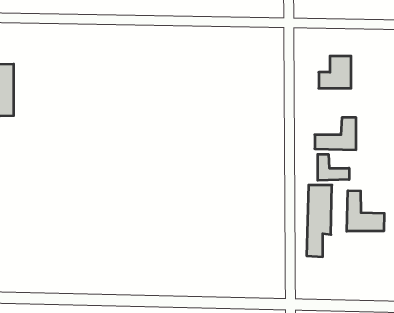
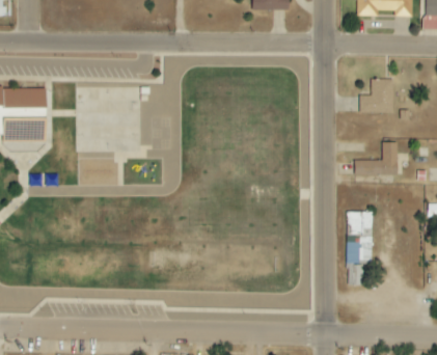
building: [318,154,349,180] -> none
building: [347,191,384,231] -> none

